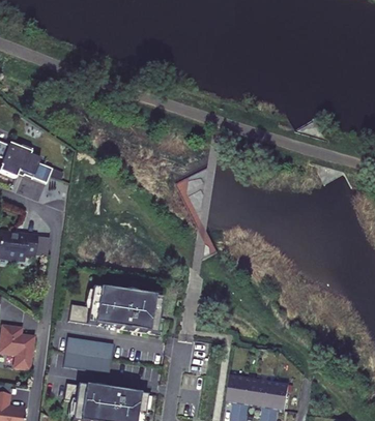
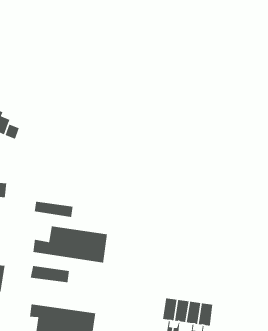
building: [63,351,112,371] -> [34,201,74,218]

